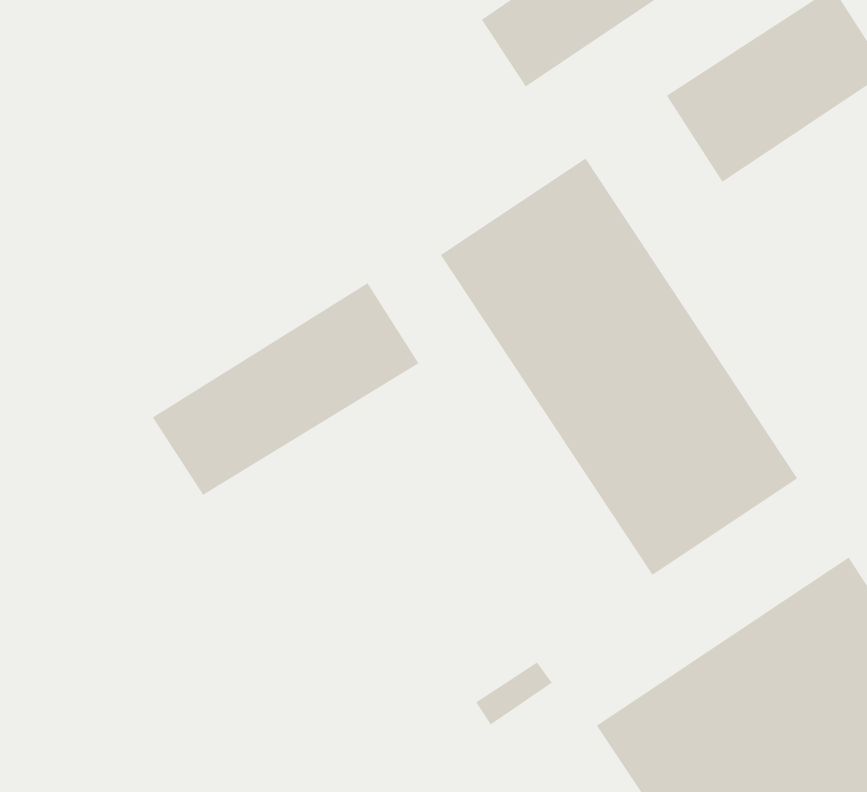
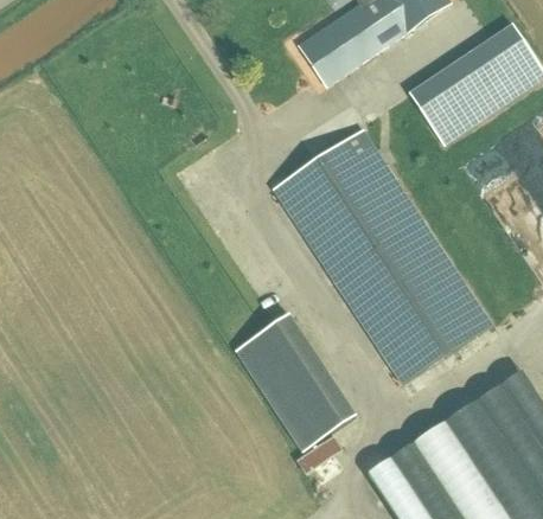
building: [152,282,420,496] -> none
building: none -> [230,312,350,450]

